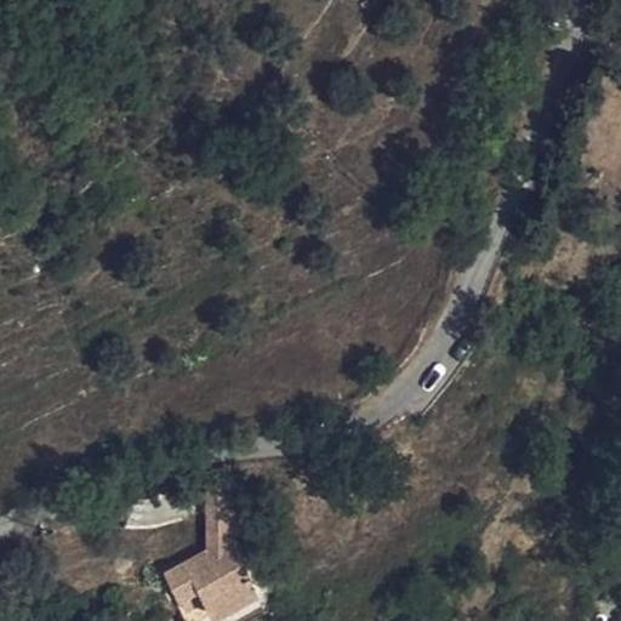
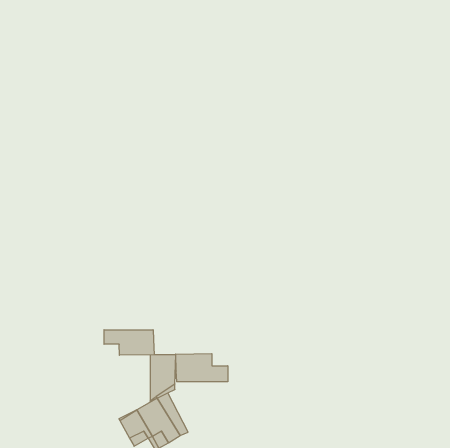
building: none -> [104,330,154,355]
building: none -> [176,354,228,382]

